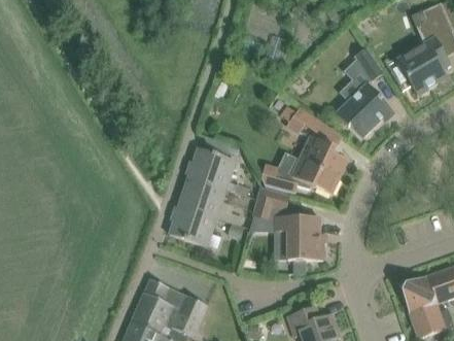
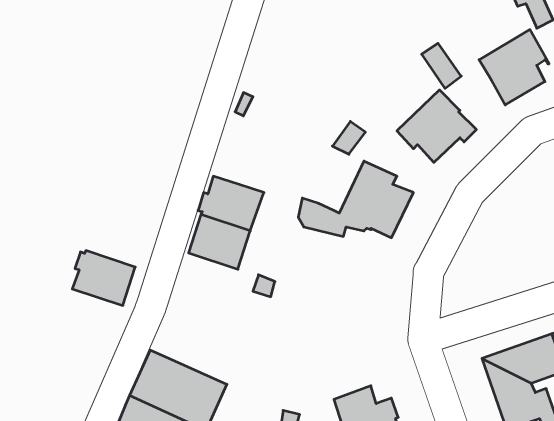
building: [252,187,289,219] -> none
building: [168,205,215,246] -> [72,251,135,305]
building: [274,216,325,260] -> none

